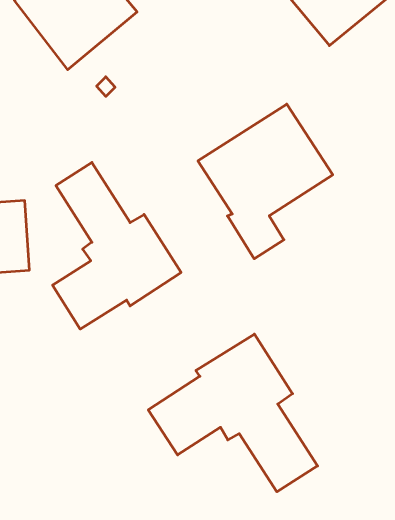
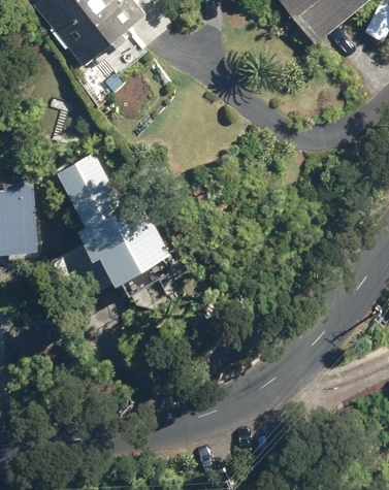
building: [198,104,333,259] -> none
building: [148,334,318,492] -> none

